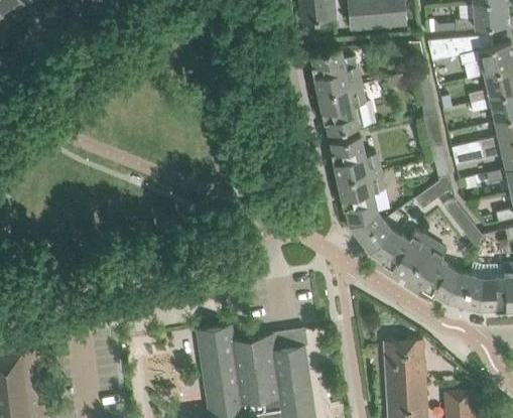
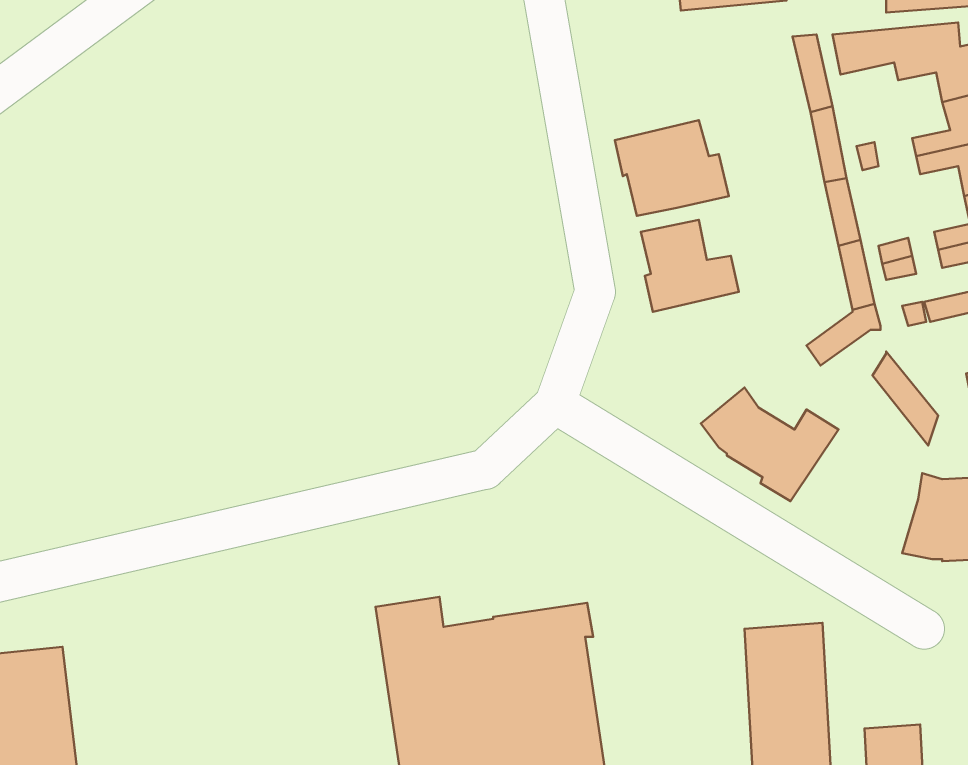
building: [311,49,361,96] -> none
building: [338,172,385,239] -> none
building: [407,242,472,304] -> none

